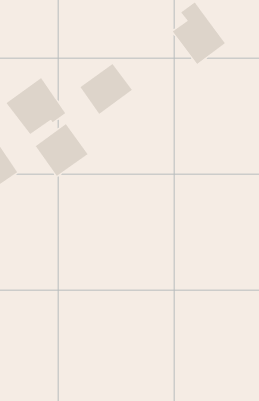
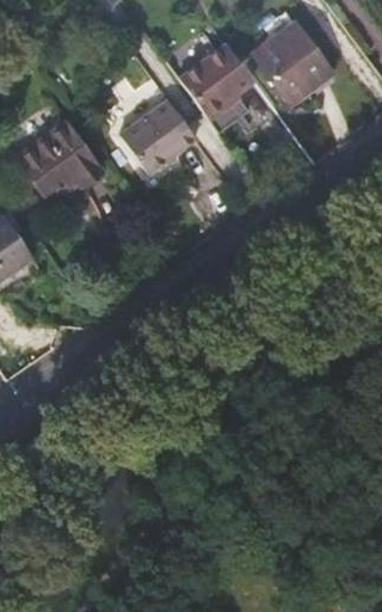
building: none -> [180,44,254,116]
building: [35,123,88,177] -> none

